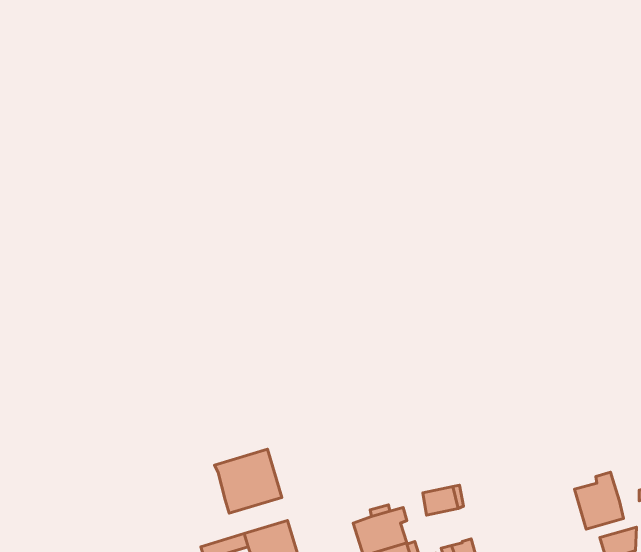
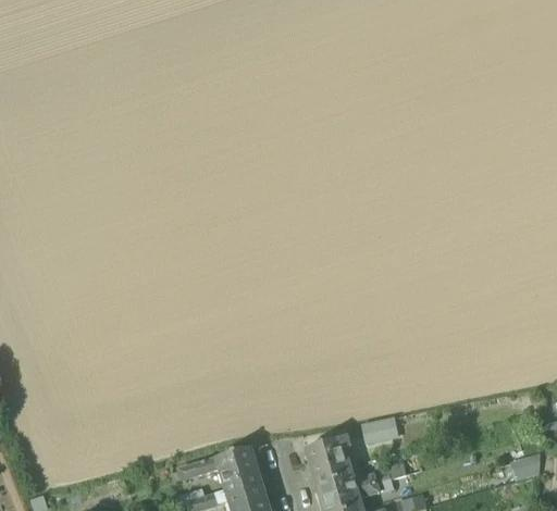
building: [215,449,282,513] -> none
building: [574,472,624,529] -> none

